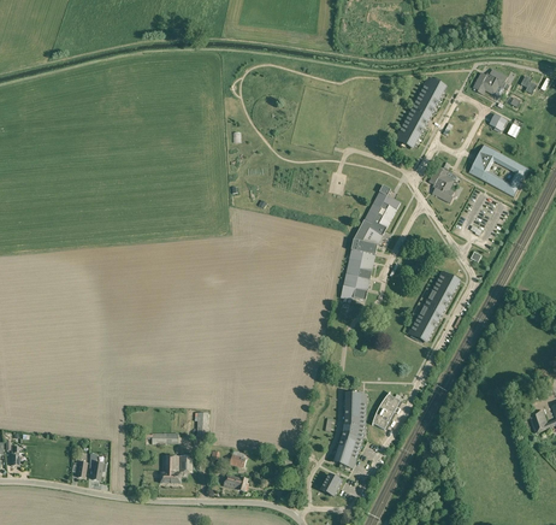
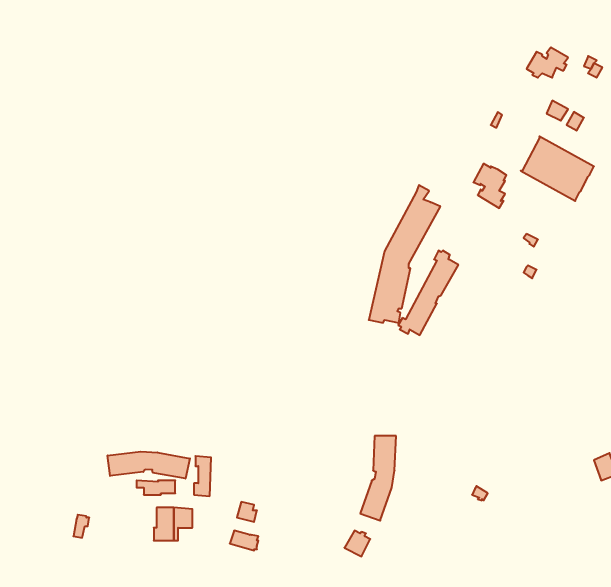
building: [398,78,446,147] -> none
building: [409,270,460,341] -> [398,251,458,335]
building: [372,393,401,429] -> none
building: none -> [108,452,190,479]

